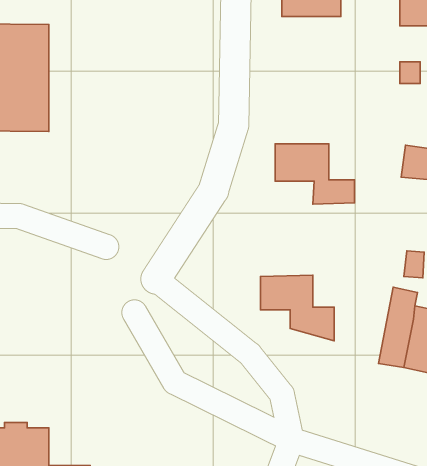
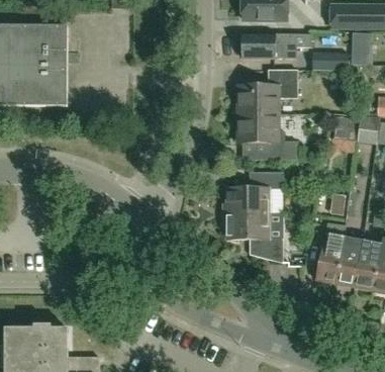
building: none -> [242,33,310,58]
building: none -> [237,70,297,114]
building: none -> [226,172,282,214]

